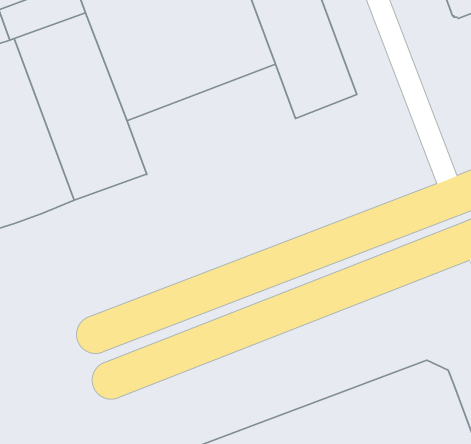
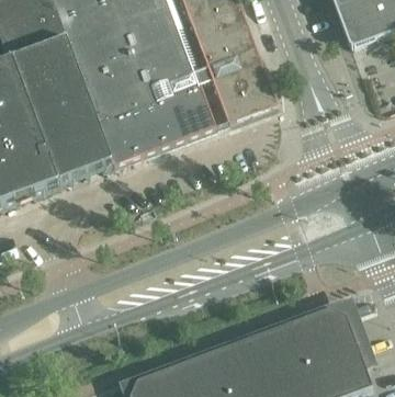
building: none -> [100,80,228,159]

